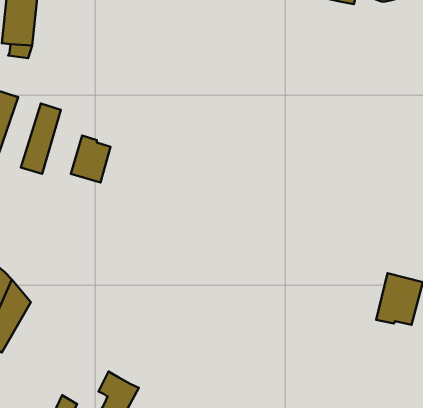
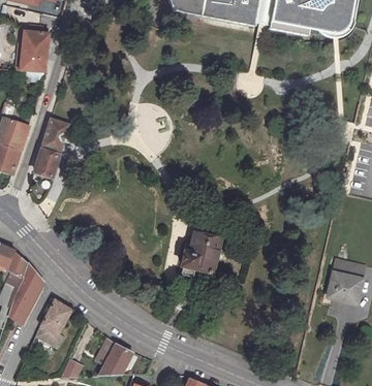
building: [71,135,110,182] -> none
building: none -> [181,232,245,277]
building: none -> [36,300,71,348]

